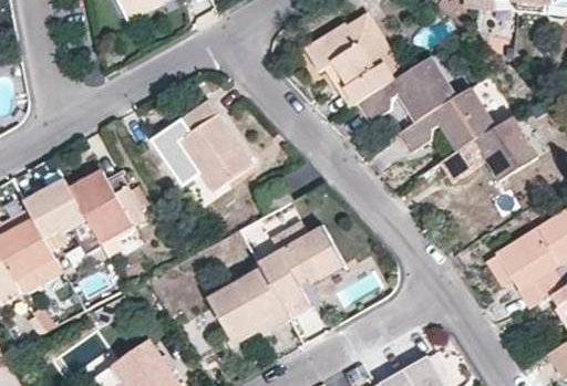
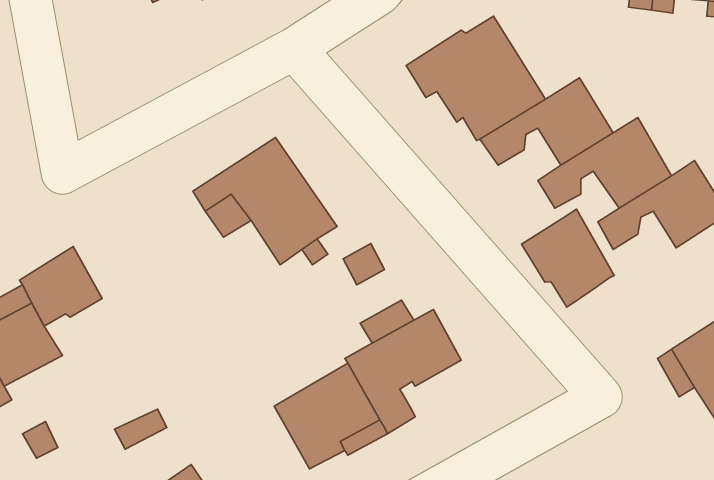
building: none -> [521,209,614,307]
building: [69,170,144,246] -> none

